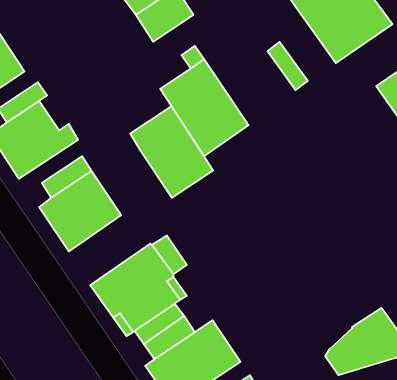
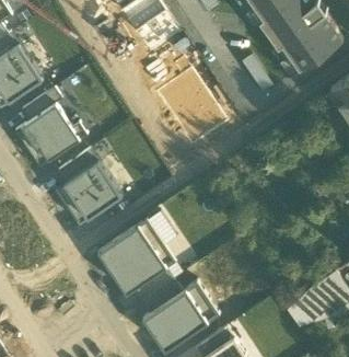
building: [130,106,213,198] -> none

